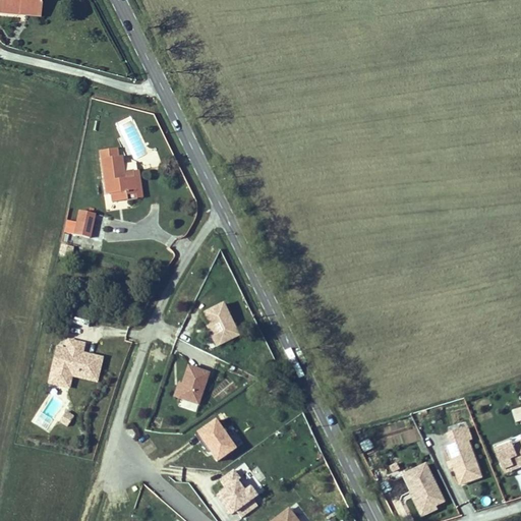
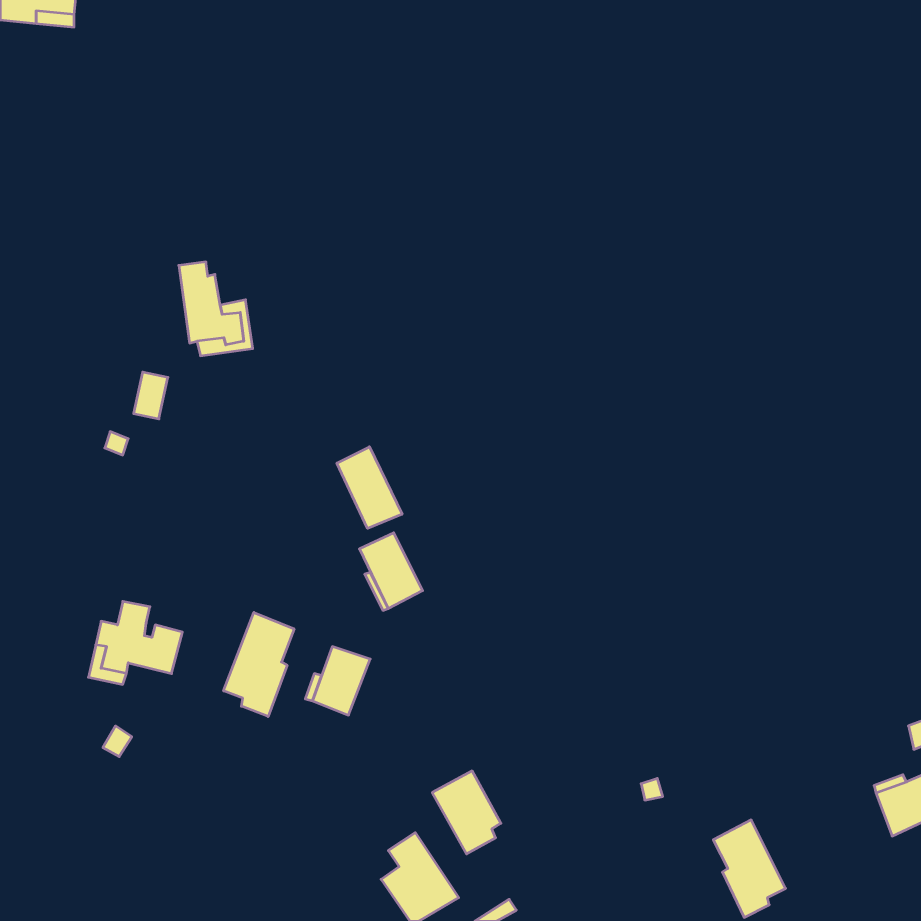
building: none -> [337,447,402,528]
building: none -> [224,612,294,717]
building: [196,419,235,466] -> [432,771,501,854]
building: [444,425,480,483] -> none

